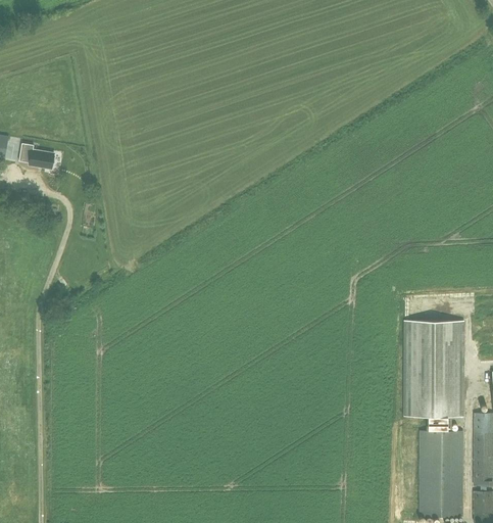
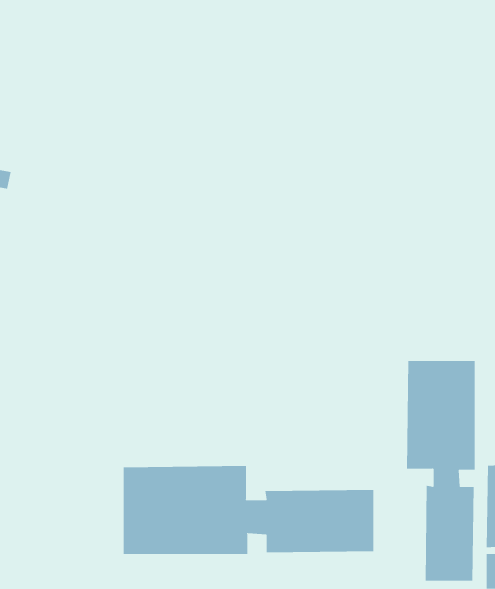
building: none -> [123,465,374,555]

